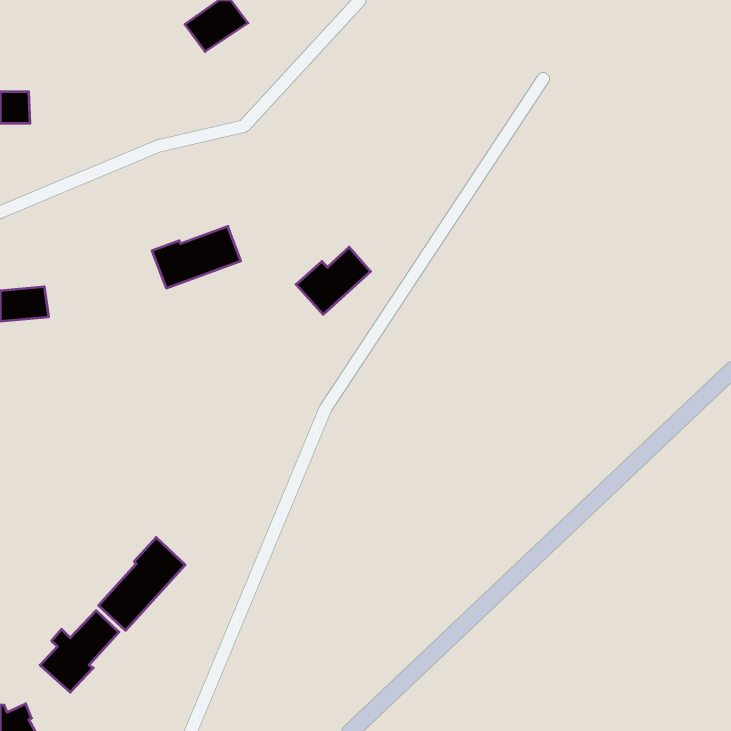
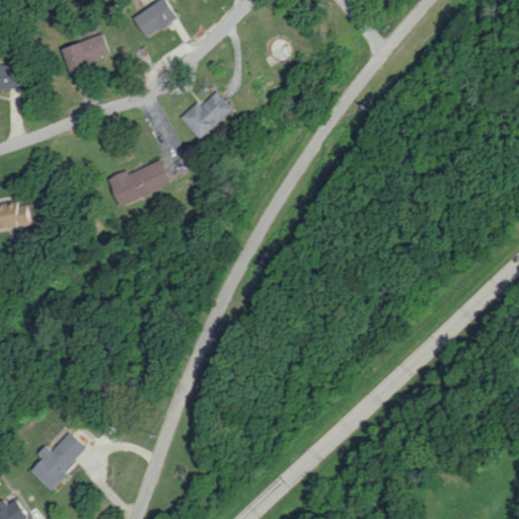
building: none -> [60,35,107,73]
building: [296,247,371,314] -> [180,92,233,140]
building: [99,537,185,630] -> none

